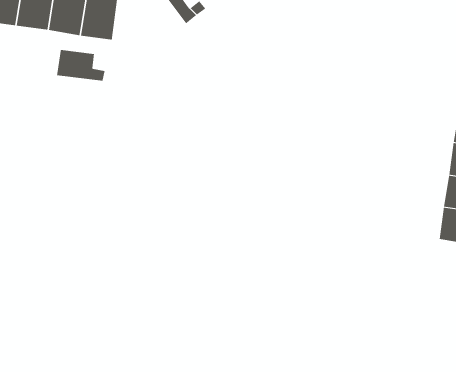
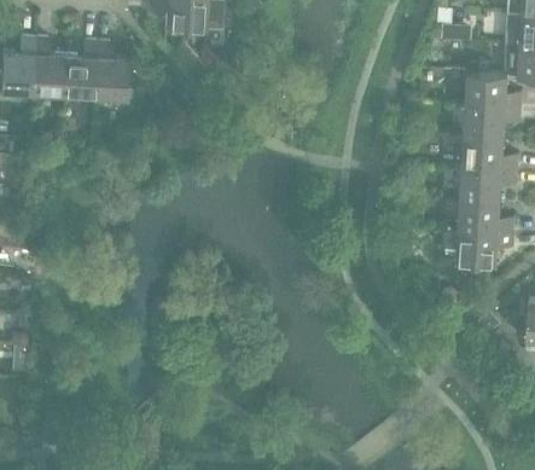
building: [56,49,105,82] -> none

